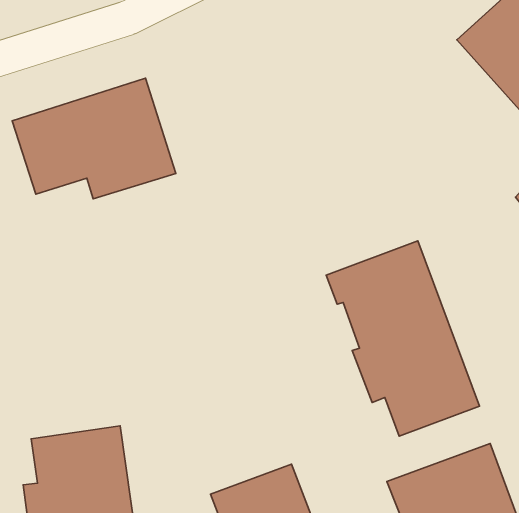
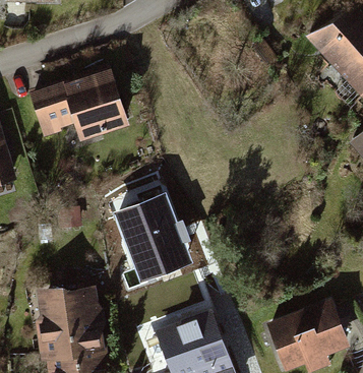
building: [326,241,480,436] -> none
building: none -> [109,190,188,278]

